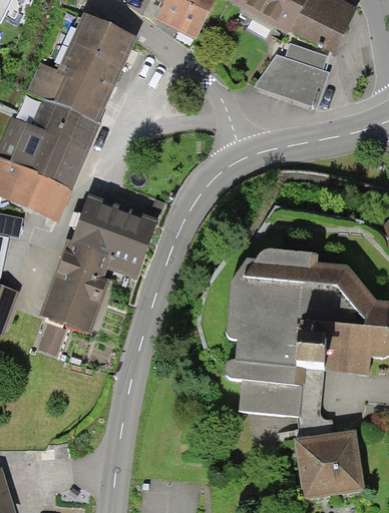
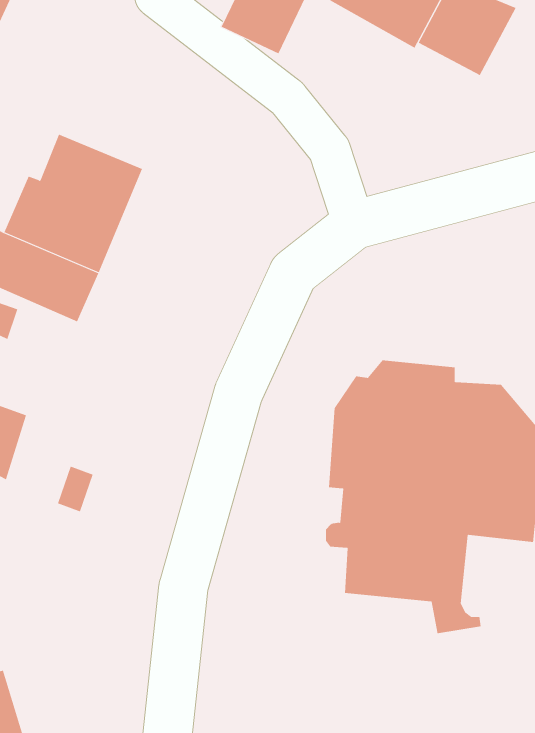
building: [31,17,132,117] -> none
building: [256,42,329,106] -> none
building: [38,197,156,335] -> none
building: [293,431,364,499] -> none

